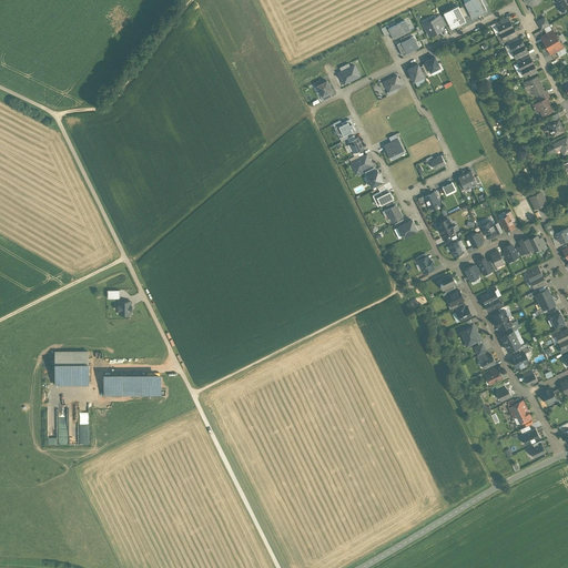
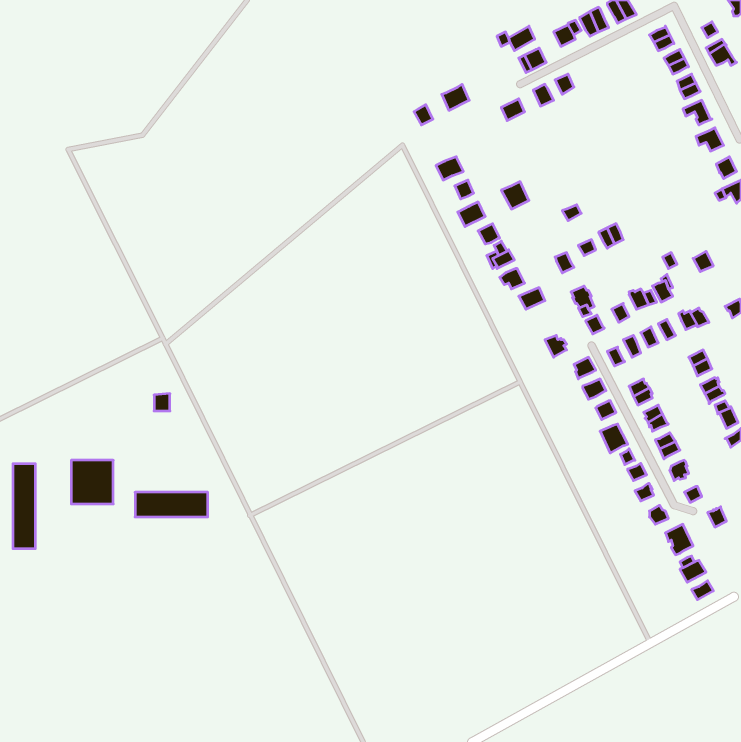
building: none -> [13,464,35,549]

